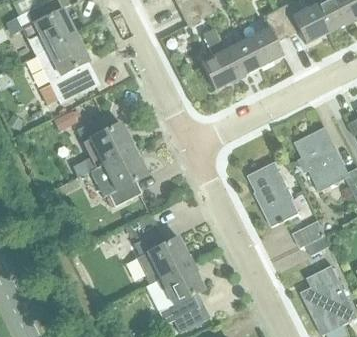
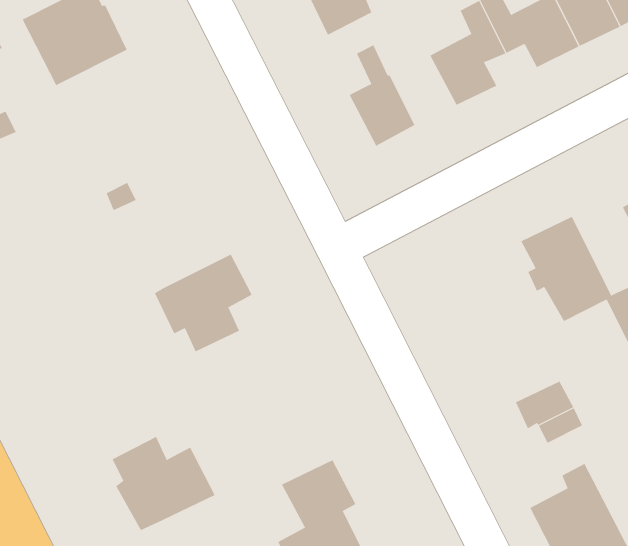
building: [36,35,100,94] -> none
building: [223,38,260,77] -> none
building: [76,117,134,168] -> none
building: [248,161,297,225] -> none
building: [133,231,191,284] -> [112,436,215,531]

